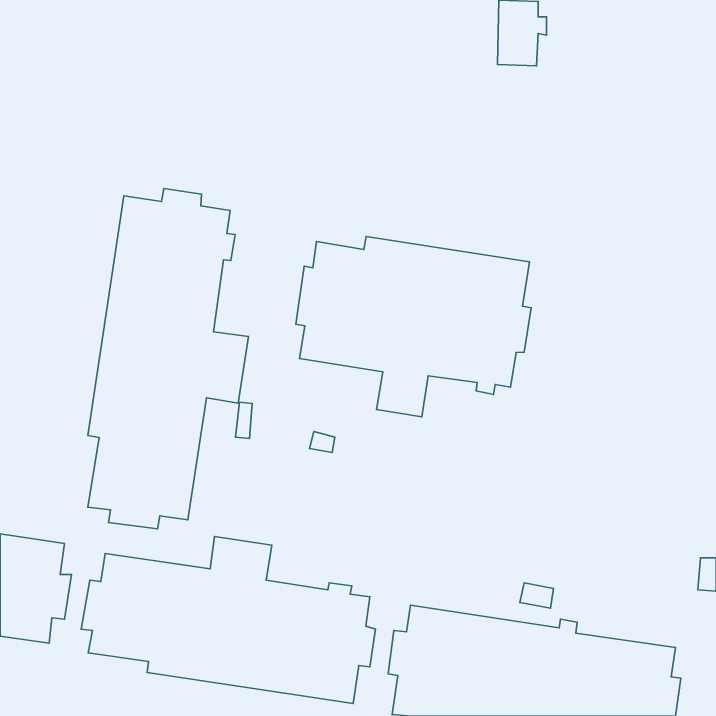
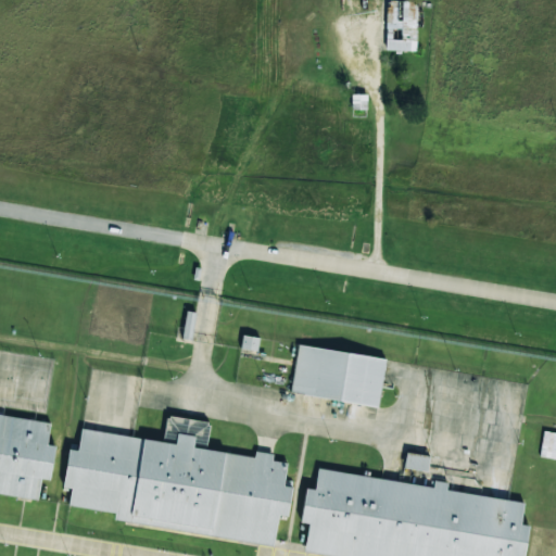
building: [88,188,248,529] -> none
building: [296,236,531,417] -> none
building: none -> [291,345,386,407]

